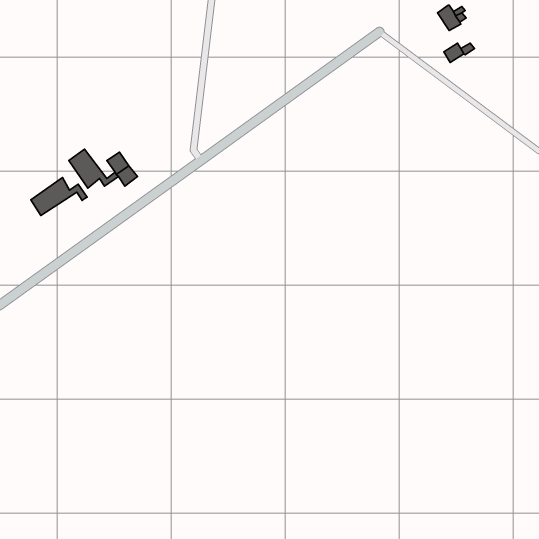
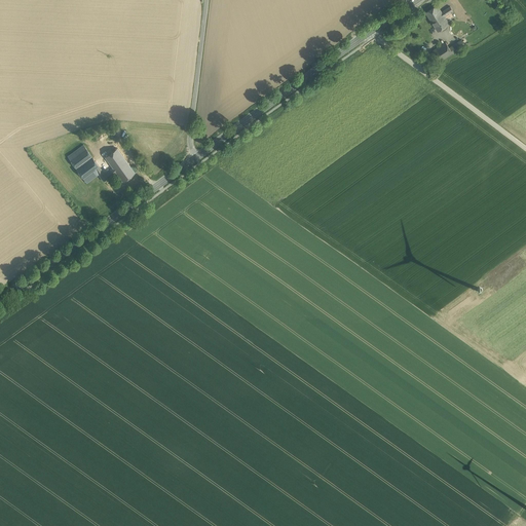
building: [31,178,87,215] -> none

